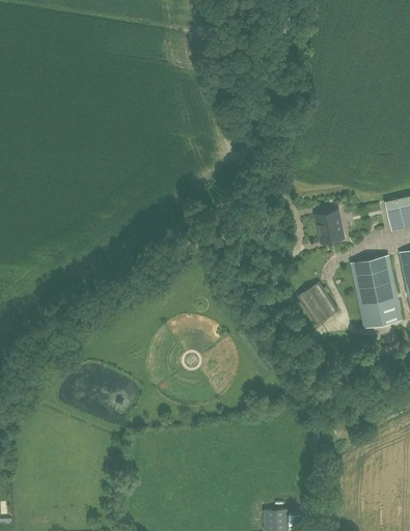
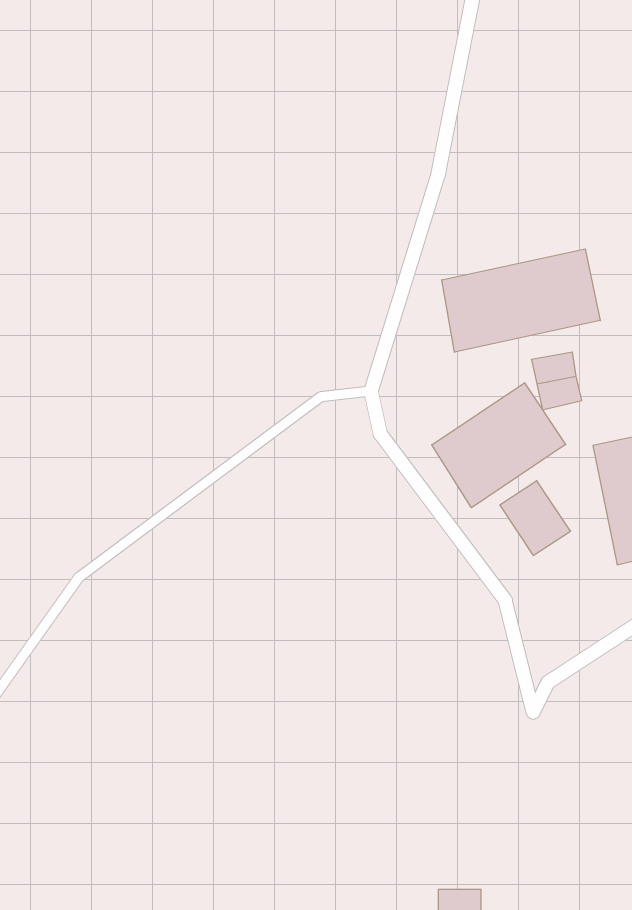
building: none -> [442,249,600,352]
building: none -> [432,383,566,508]

